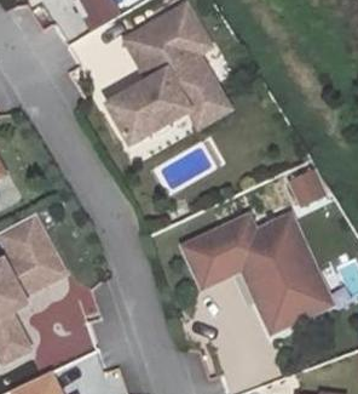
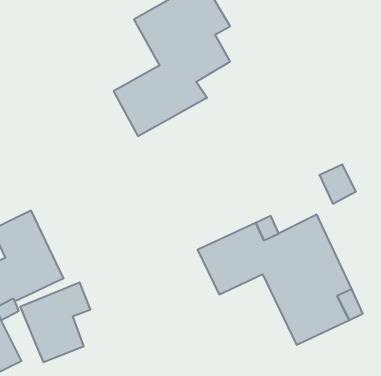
building: [180,80,229,129] -> none

